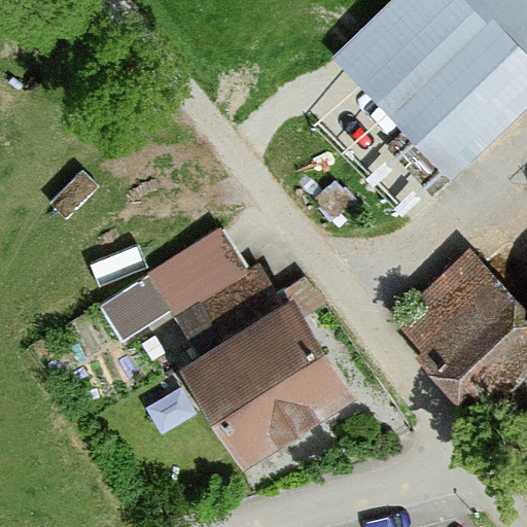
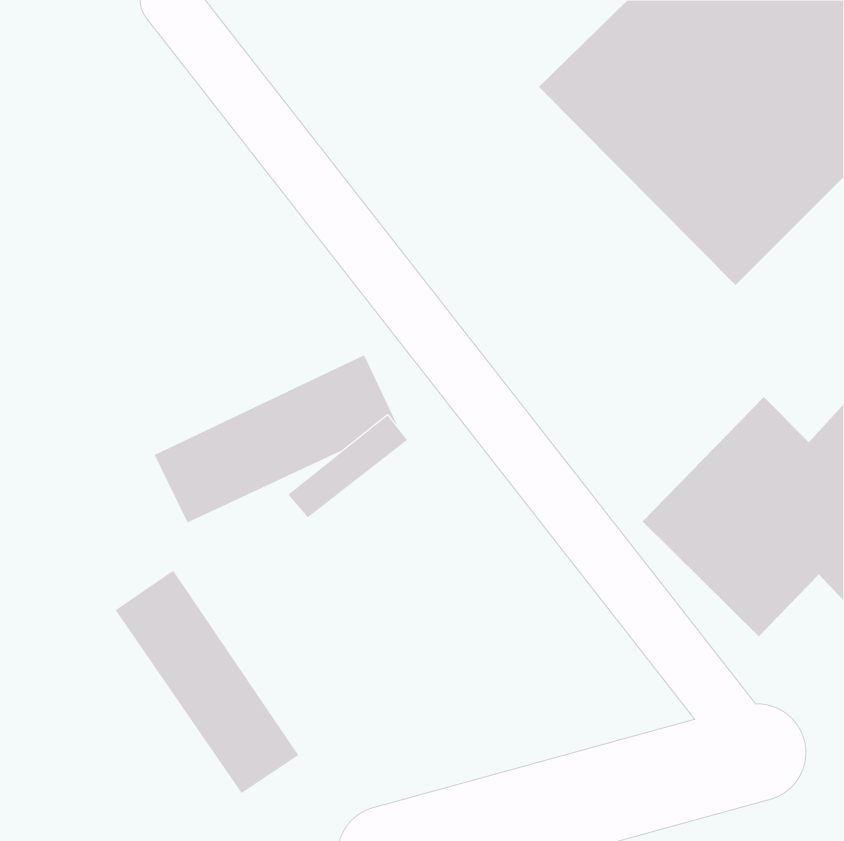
building: [183,290,365,469] -> none
building: none -> [115,570,299,794]

